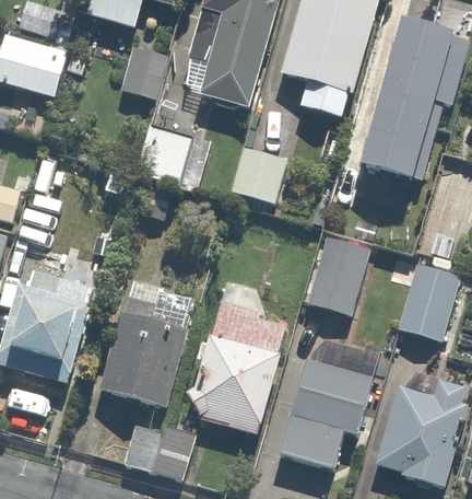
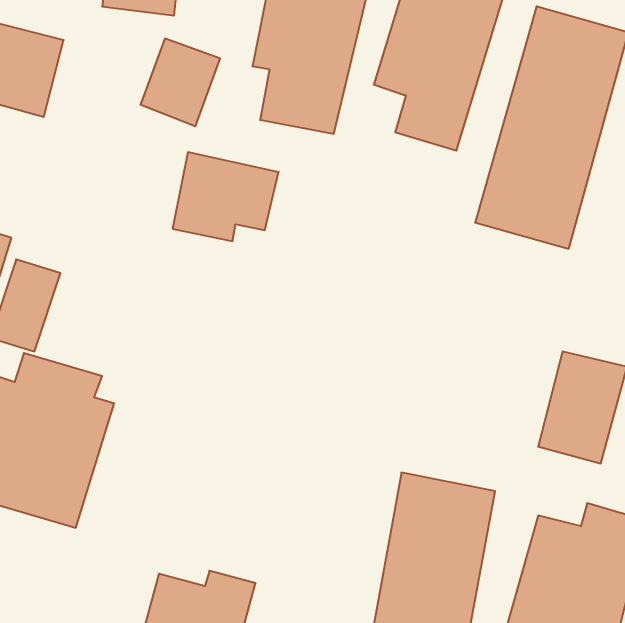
building: [233,141,286,200] -> none
building: [298,233,367,314] -> none
building: [104,289,199,409] -> none
building: [188,300,292,437] -> none

